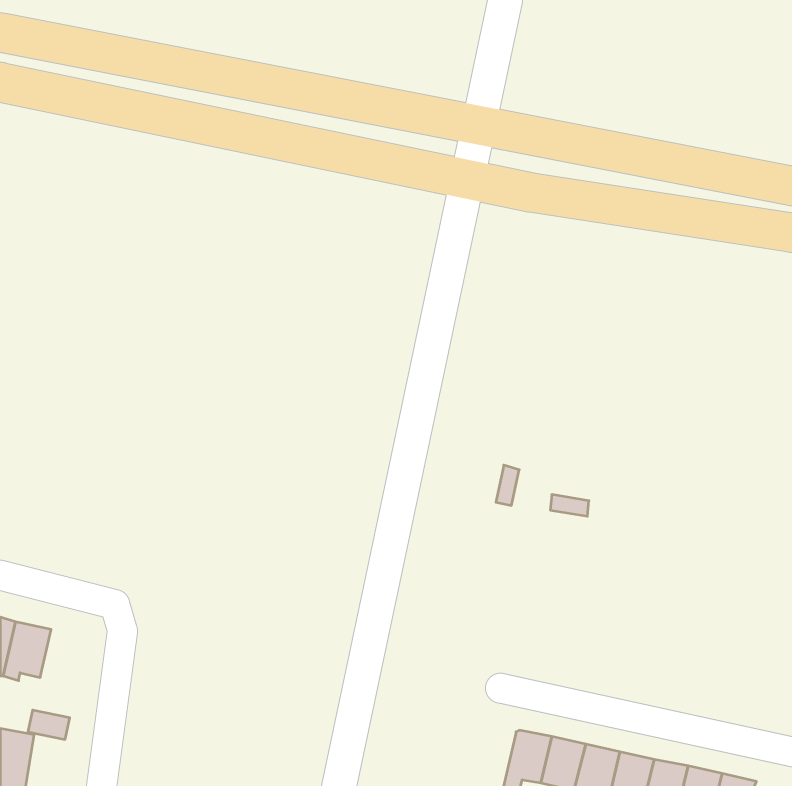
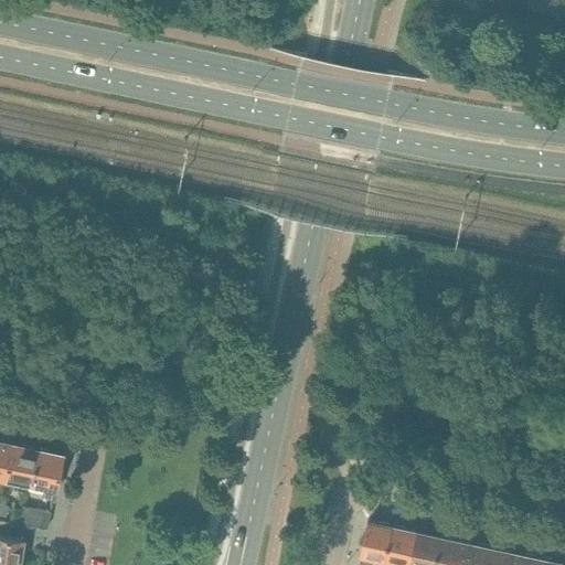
building: none -> [28,452,62,497]

